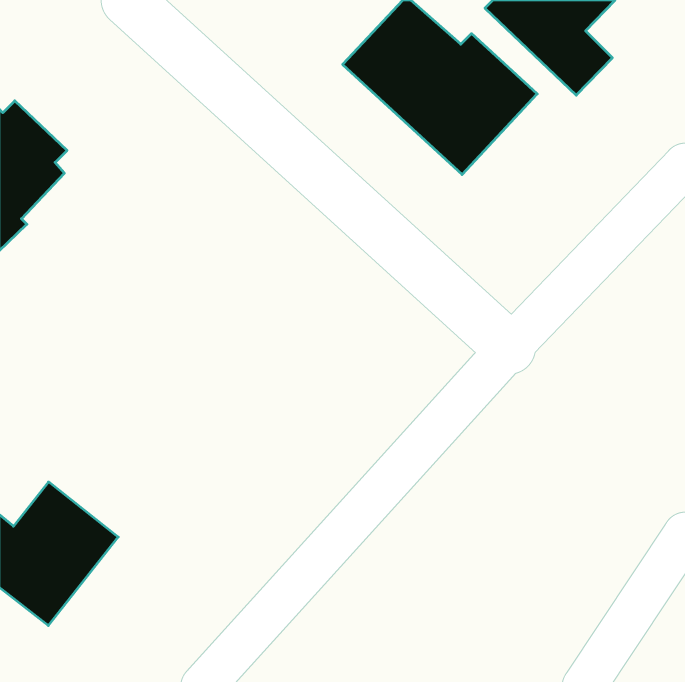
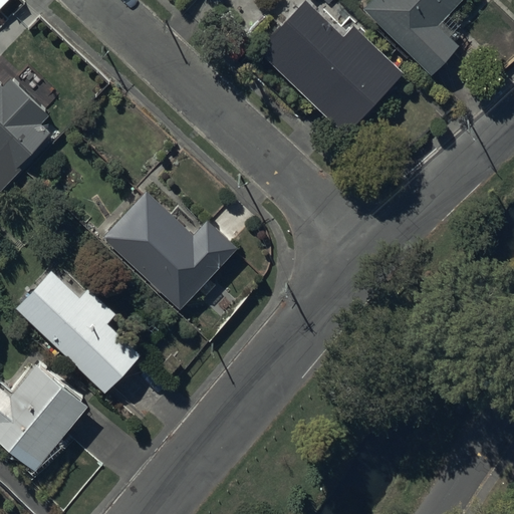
building: none -> [102,192,239,309]
building: none -> [17,272,142,393]

